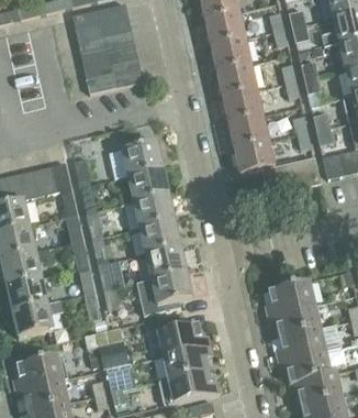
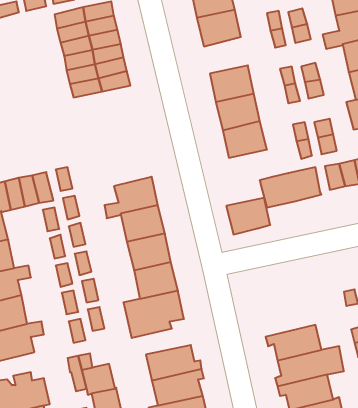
building: [210,35,250,69] -> none
building: [121,140,161,174] -> none
building: [233,140,273,174] -> [226,198,270,234]
building: [265,278,313,314] -> none

